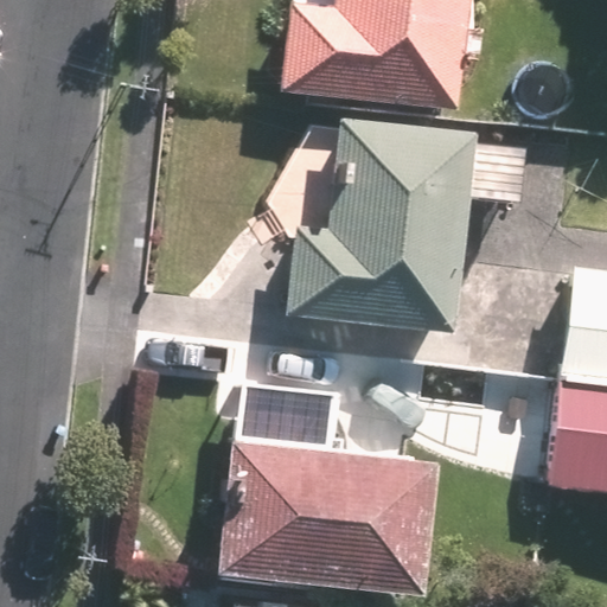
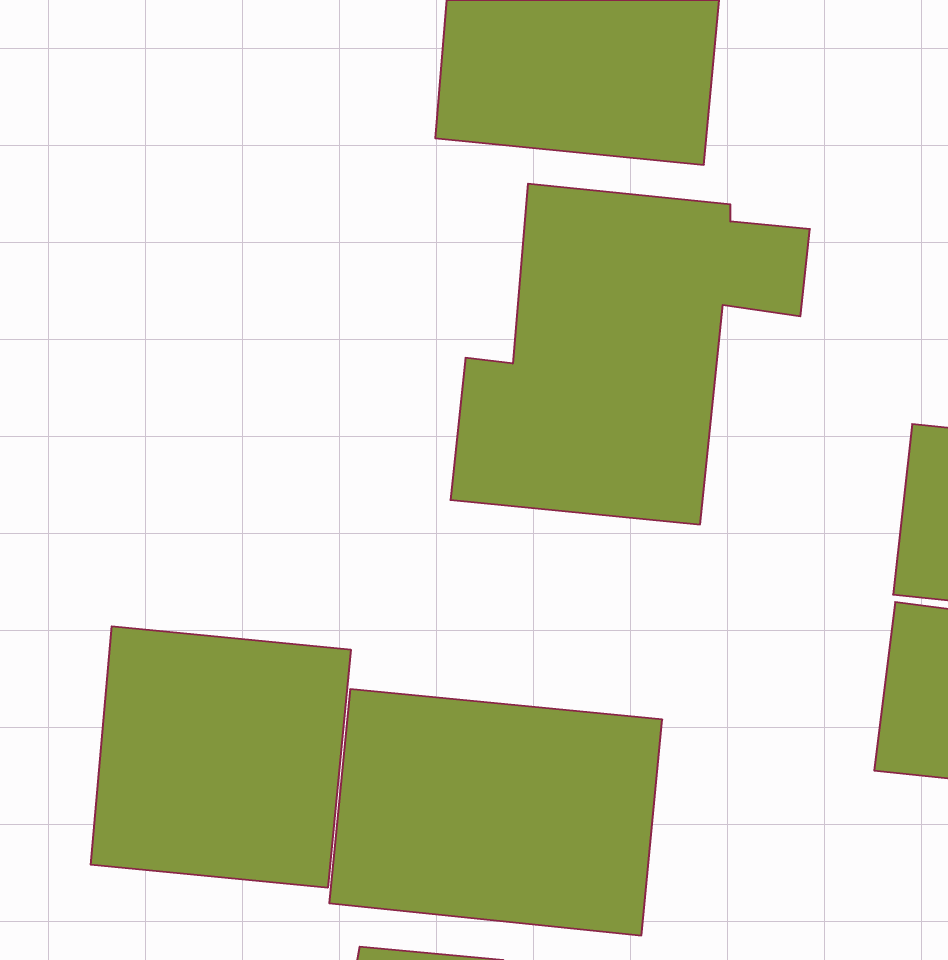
building: none -> [91,626,351,888]

